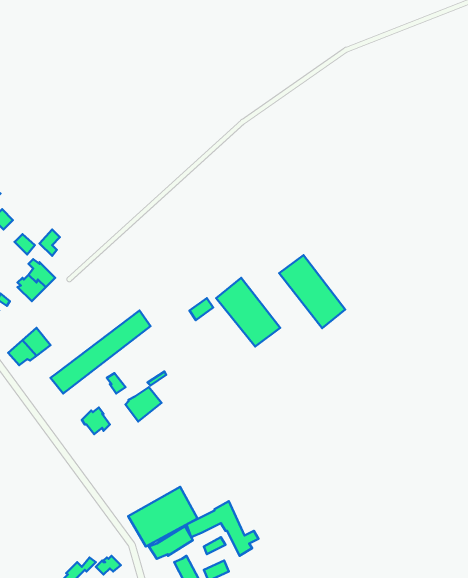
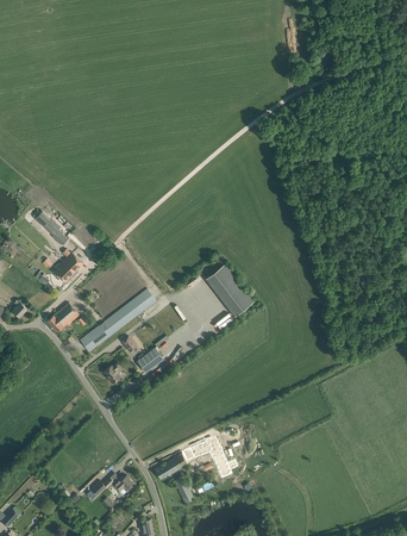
building: [279,255,345,328] -> none
building: [128,487,198,547] -> none

